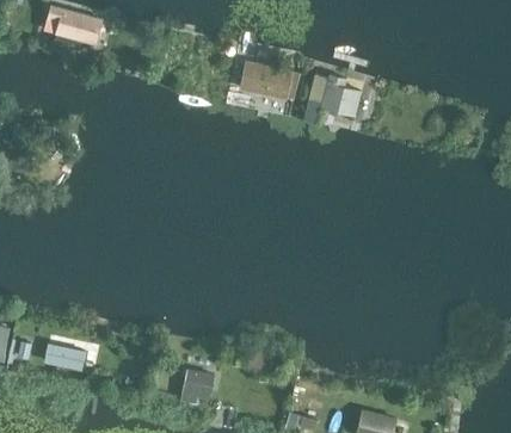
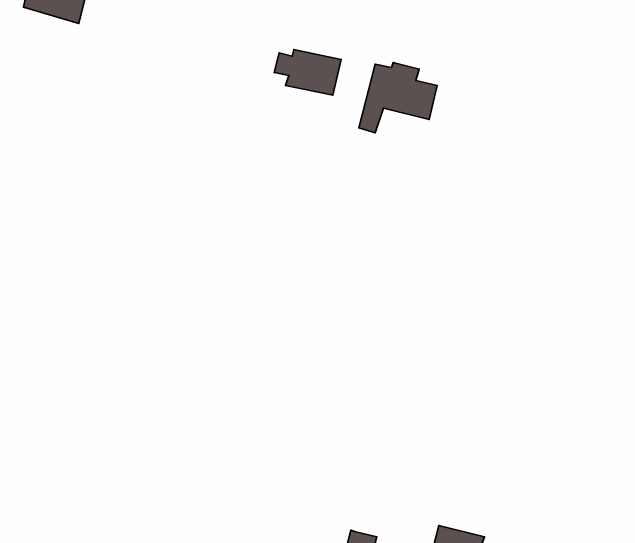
building: [44,344,84,370] -> none
building: [179,370,214,403] -> none

